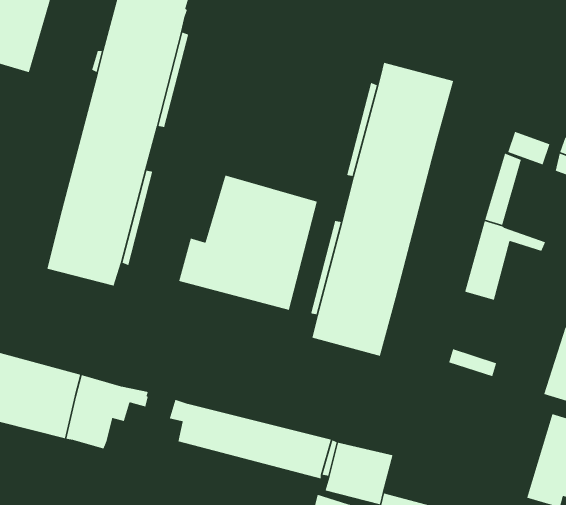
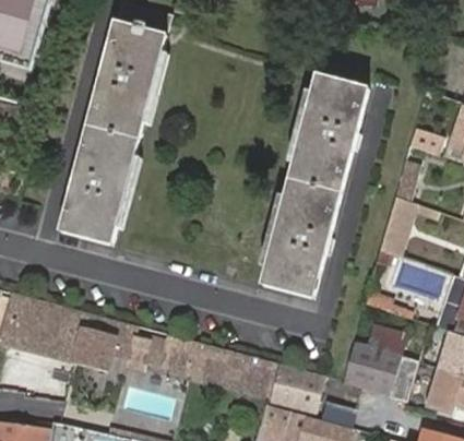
building: [178,174,318,311] -> none
building: none -> [344,325,418,400]

